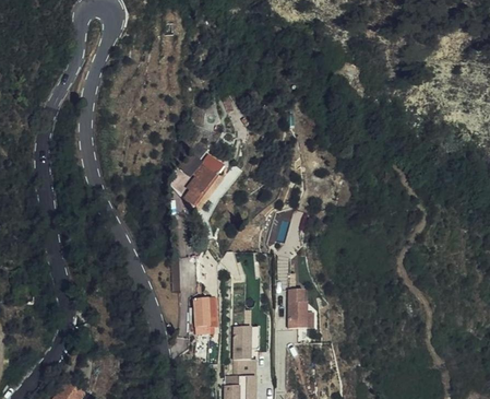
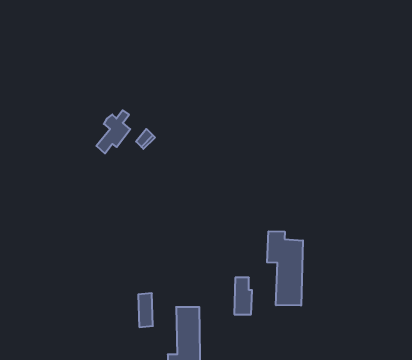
building: [183,155,218,200] -> [96,110,130,153]
building: none -> [267,231,303,306]

